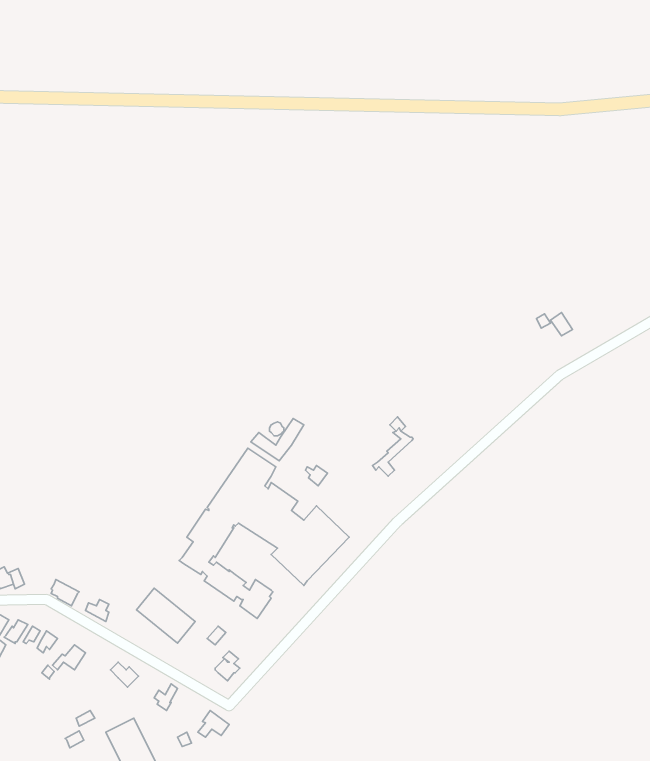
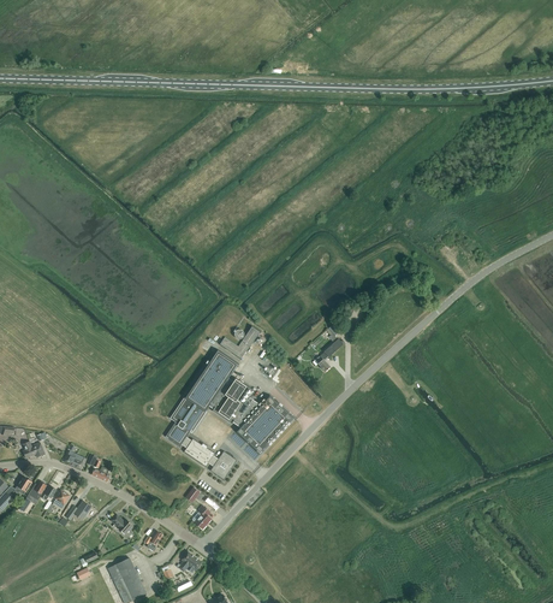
building: [136,588,195,643] -> none

